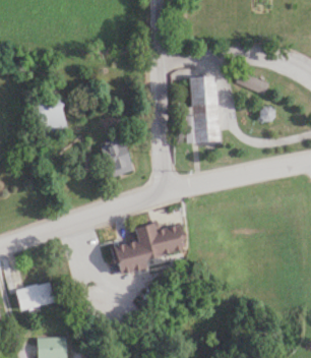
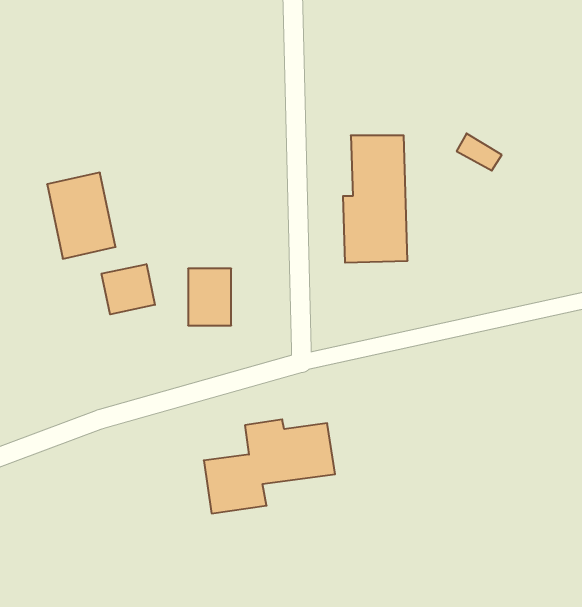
building: none -> [102,264,155,314]
building: [17,282,55,310] -> none

